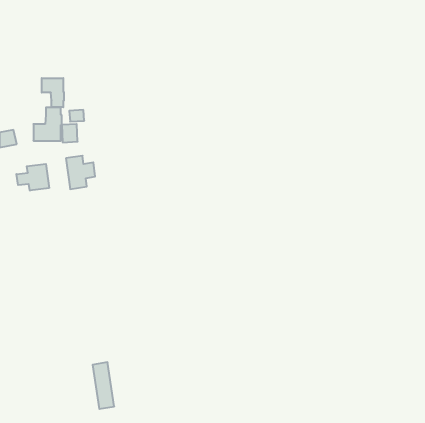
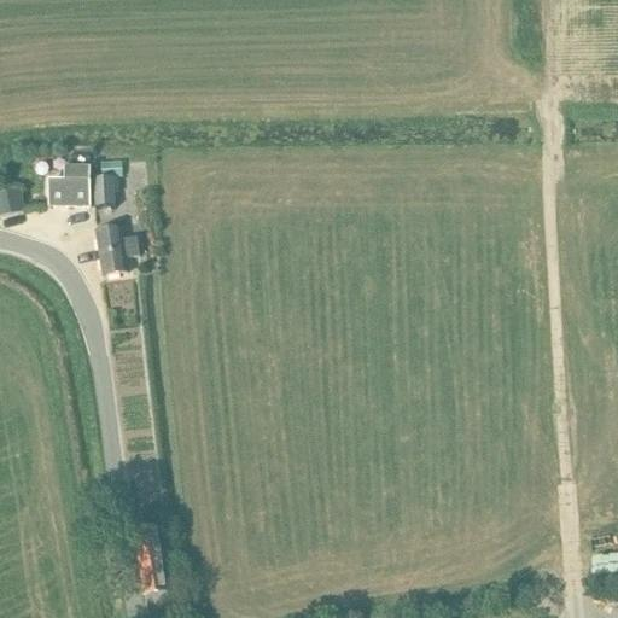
building: [42,78,64,107] -> none
building: [16,164,49,191] -> none

